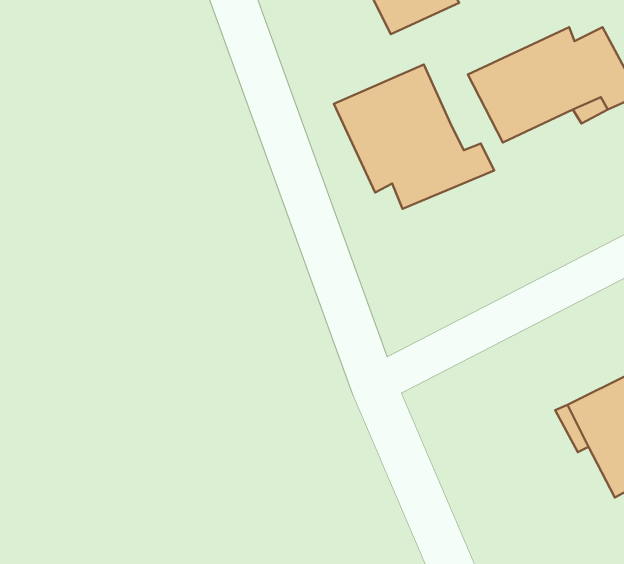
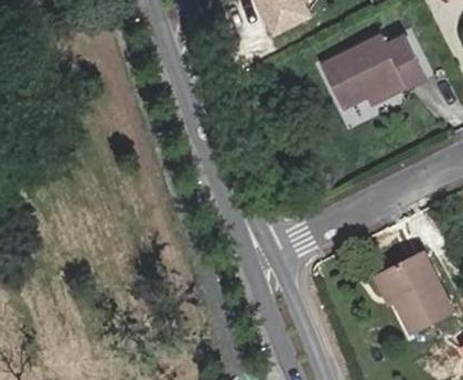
building: [334,65,494,209] -> none

